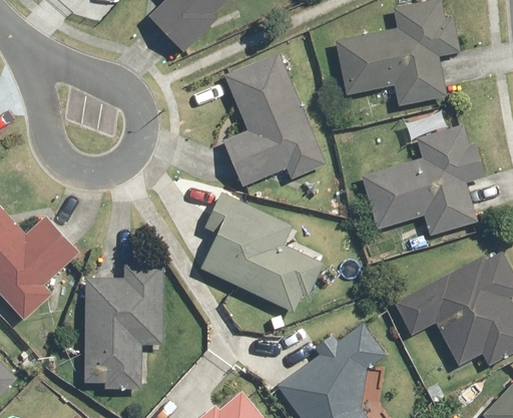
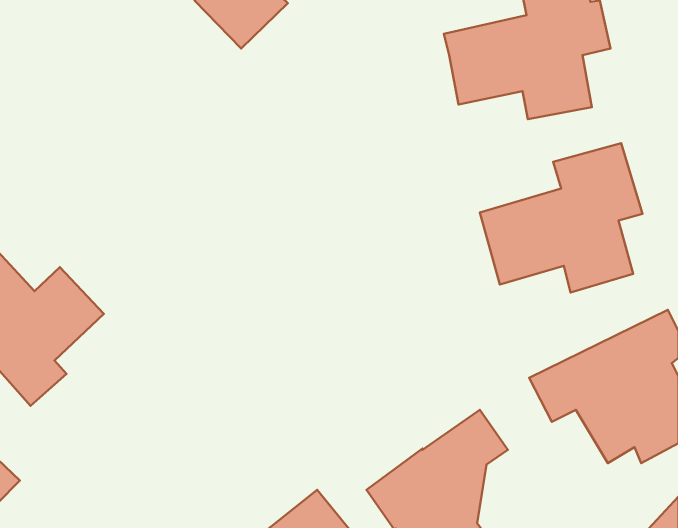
building: [223,53,326,186] -> none
building: [200,193,317,313] -> none
building: [84,264,164,379] -> none

